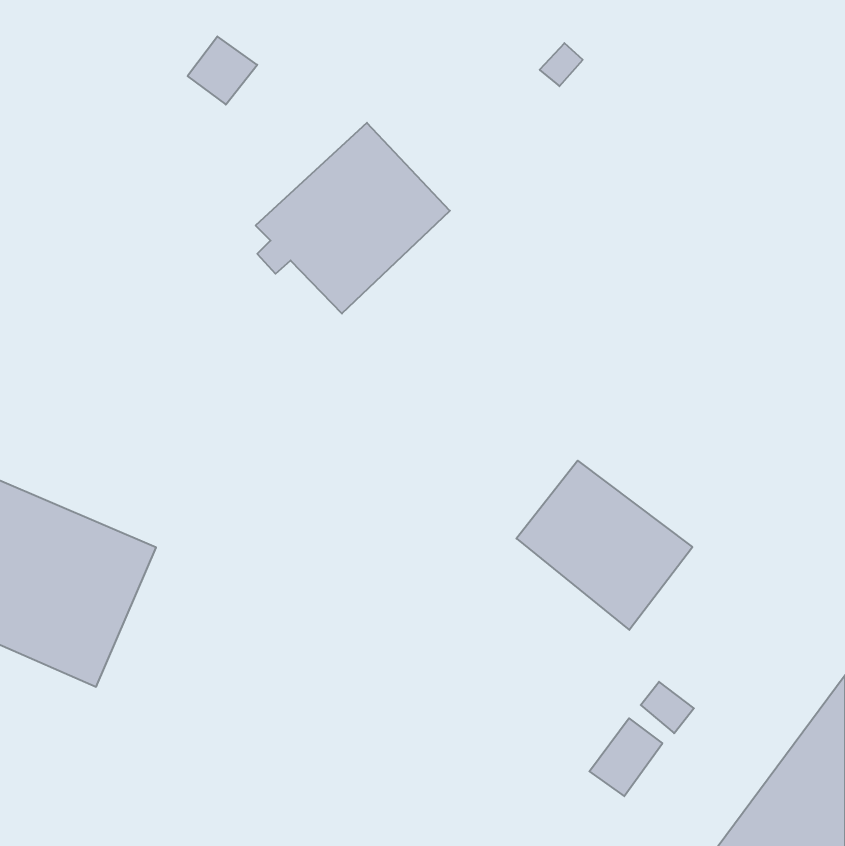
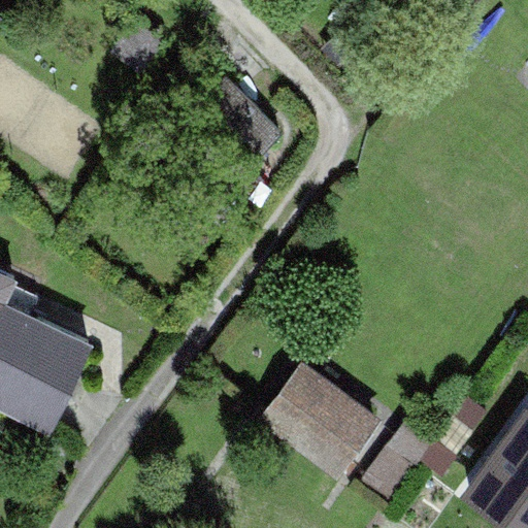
building: [516,461,692,630] -> [266,365,375,470]

